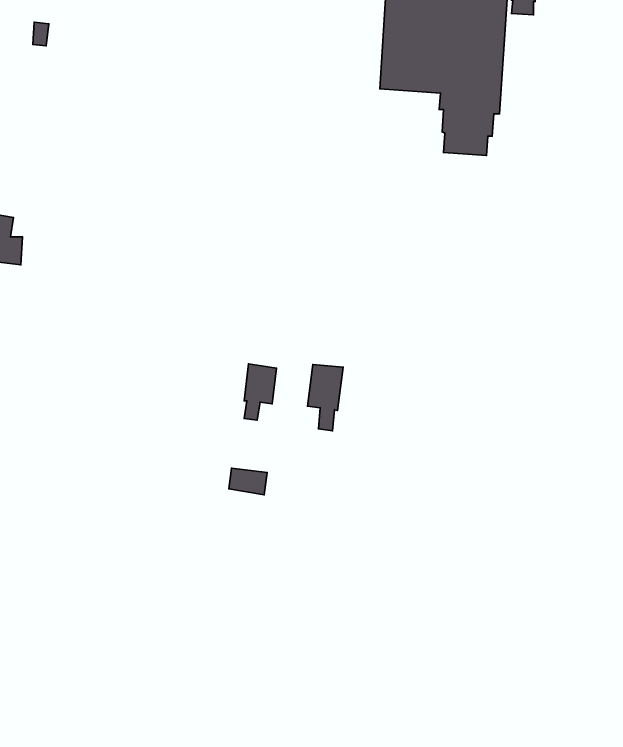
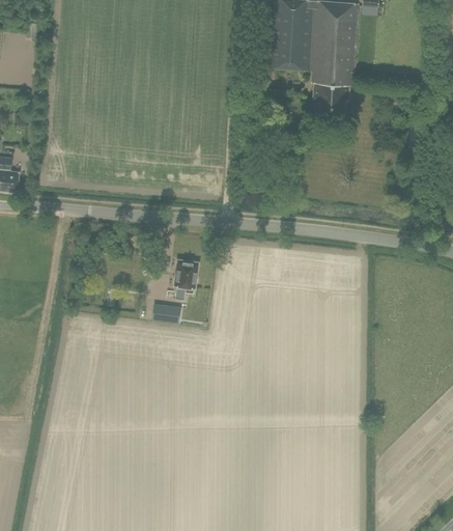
building: [308,365,343,431] -> none
building: [229,468,267,495] -> [152,302,179,320]

